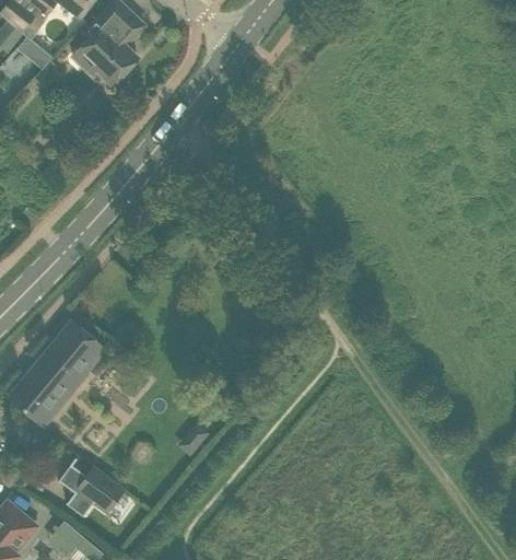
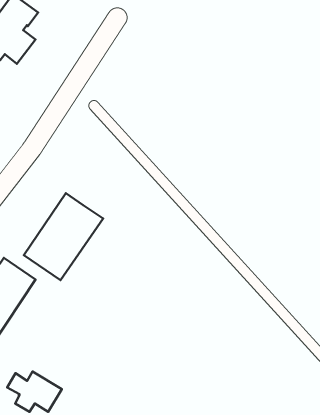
building: none -> [24,193,103,280]

